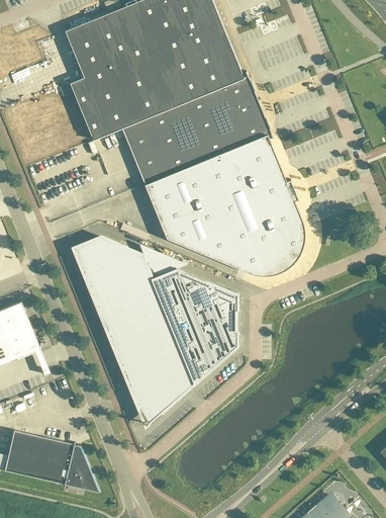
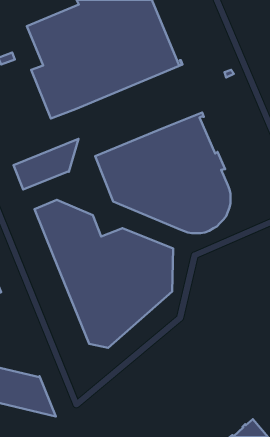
building: [121,77,271,185] -> none
building: none -> [14,139,79,190]

